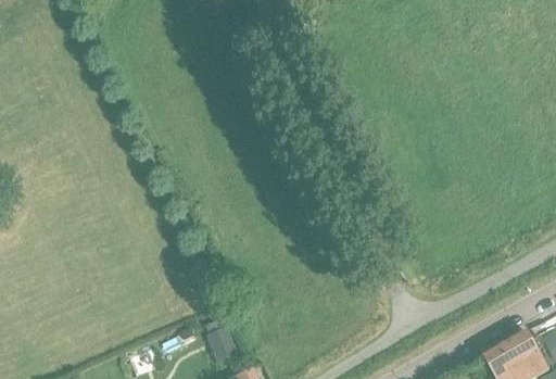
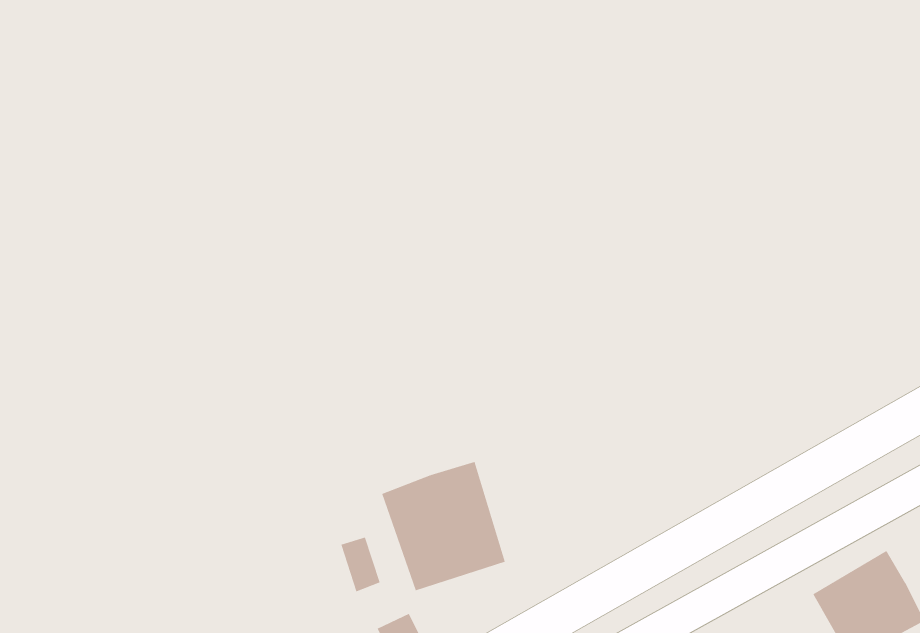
building: none -> [382,461,506,591]

